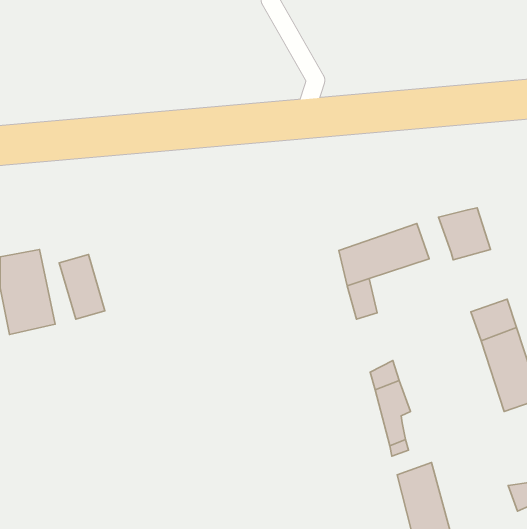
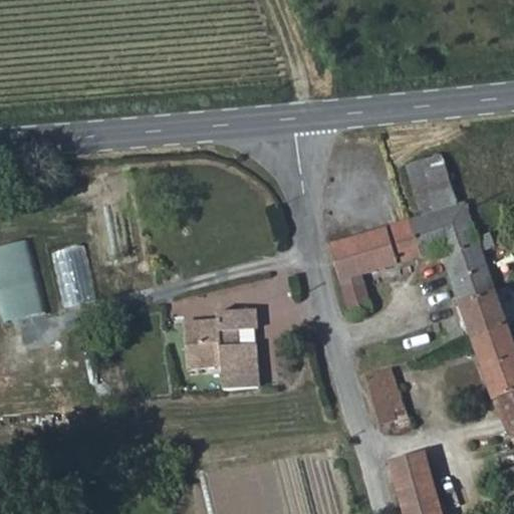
building: none -> [407,155,456,252]
building: none -> [442,243,494,303]
building: none -> [184,304,259,387]

